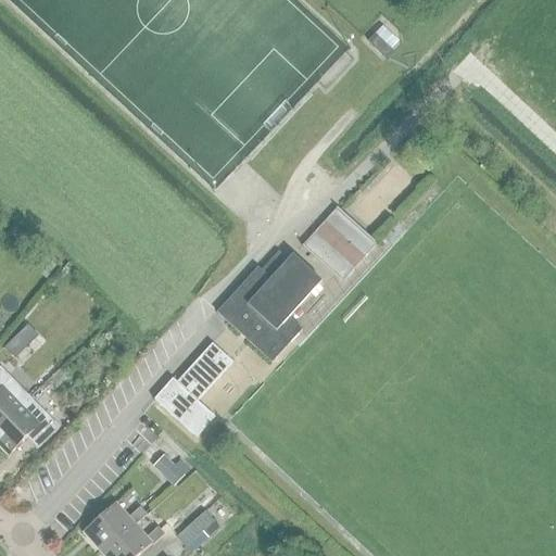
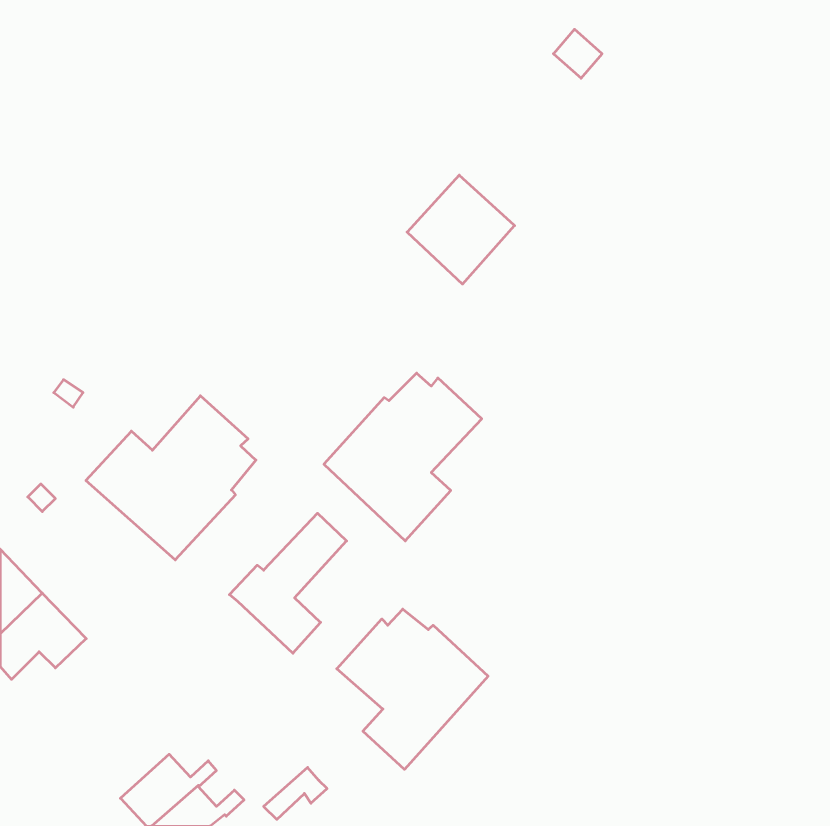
building: [302,205,374,278] -> [407,175,515,284]
building: none -> [86,396,256,560]
building: none -> [337,609,488,769]
building: [154,453,192,485] -> none

